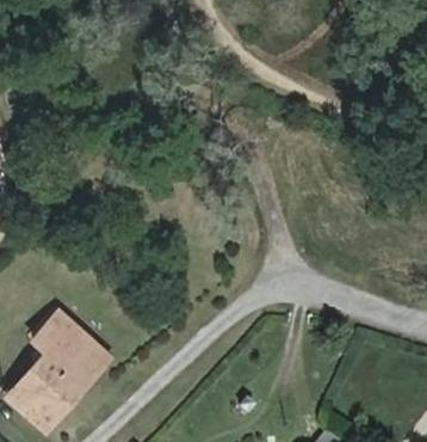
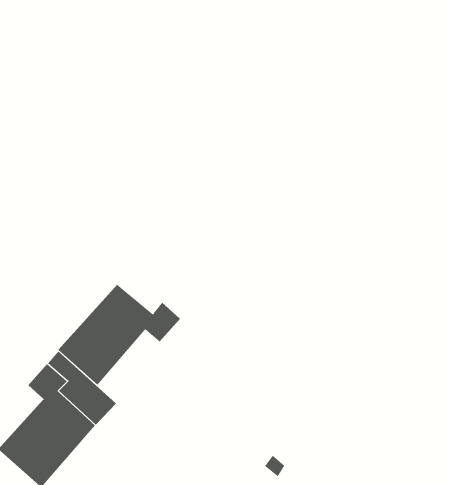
building: none -> [57,284,181,386]

